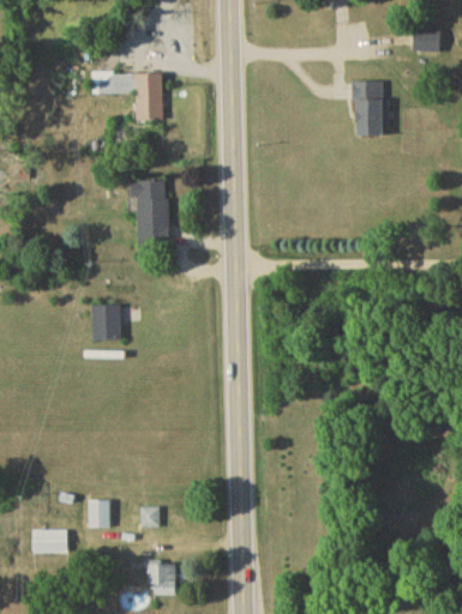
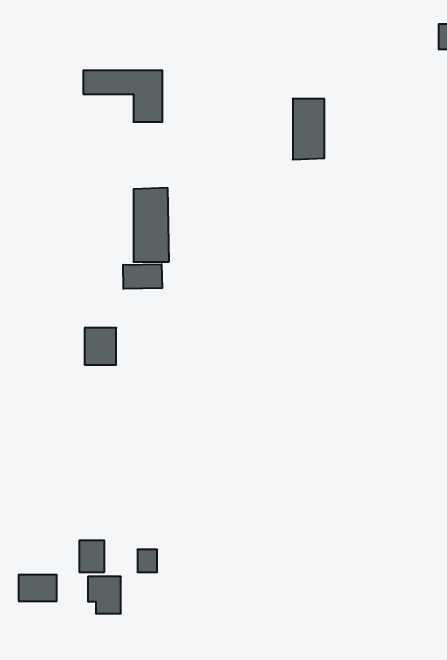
building: [354,80,383,136] -> [293,99,324,160]
building: none -> [123,264,162,289]
building: [146,562,176,596] -> [88,577,121,613]

